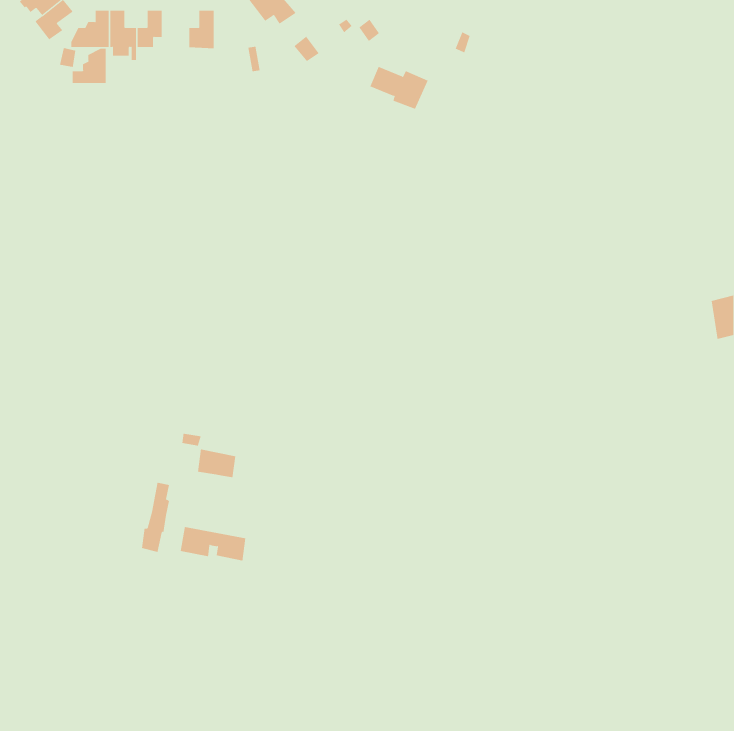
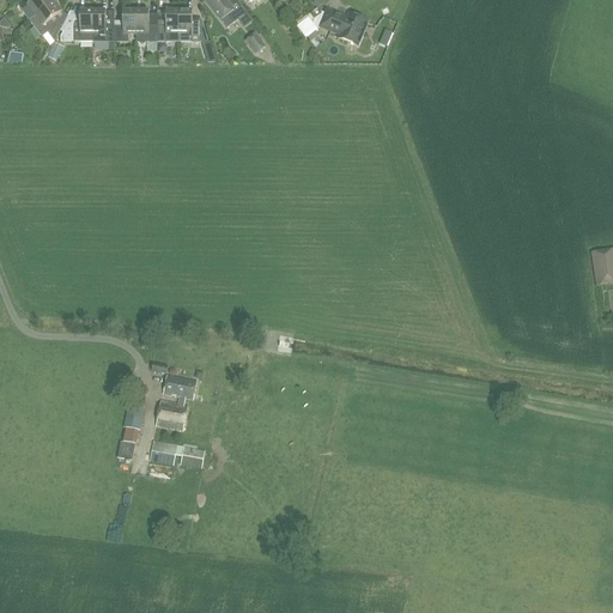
building: none -> [135,8,157,41]
building: none -> [178,8,199,42]
building: [72,48,106,84] -> none
building: [369,66,429,109] -> [318,7,368,43]
building: none -> [156,395,188,430]

